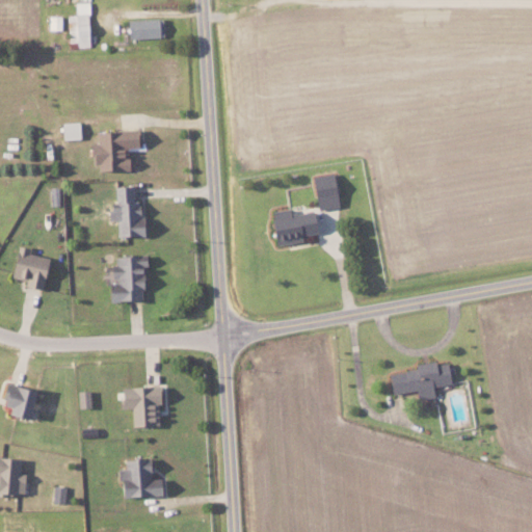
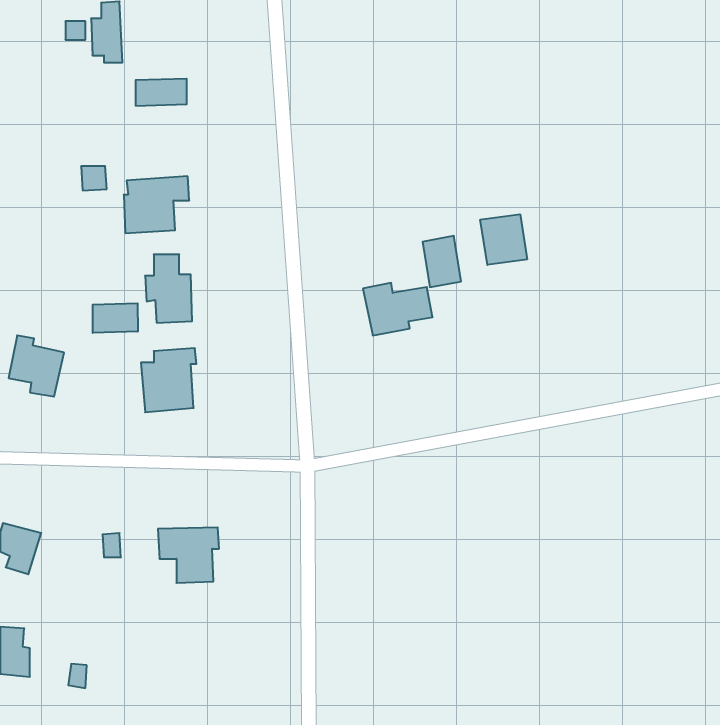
building: [130,19,167,38] -> [136,79,187,106]
building: none -> [480,214,527,265]
building: none -> [93,303,138,333]
building: [391,362,453,400] -> none
building: [121,459,164,498] -> none

